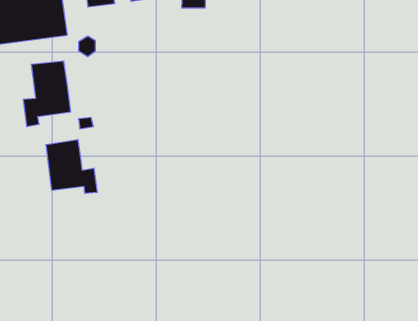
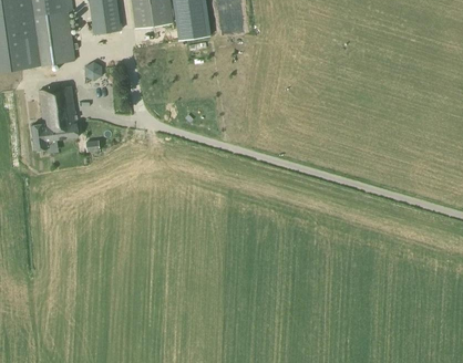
building: [46,139,97,194] -> none

